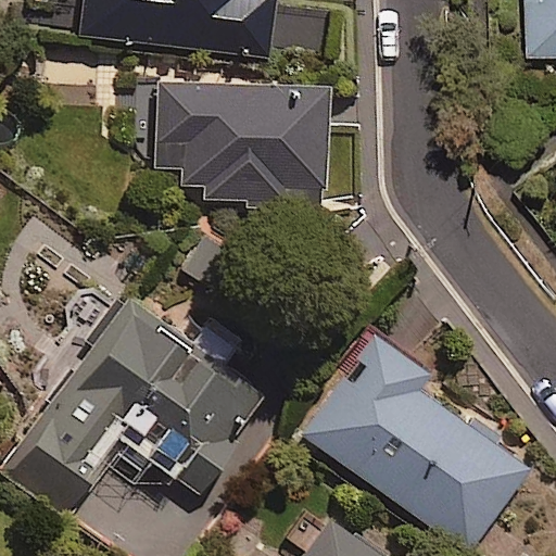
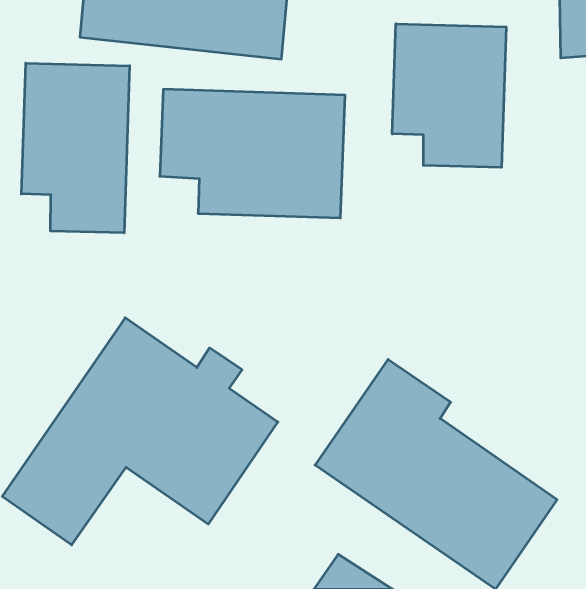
building: none -> [392,24,506,167]
building: none -> [21,63,130,233]

